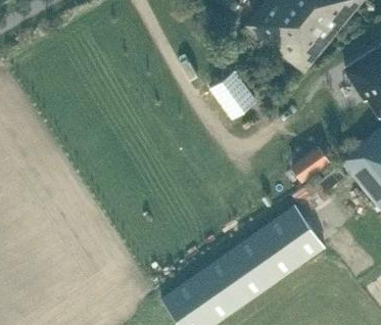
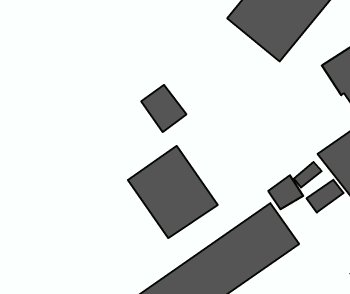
building: [212,74,257,121] -> [141,85,186,132]
building: [292,149,329,182] -> [307,180,344,213]
building: none -> [128,146,218,238]

